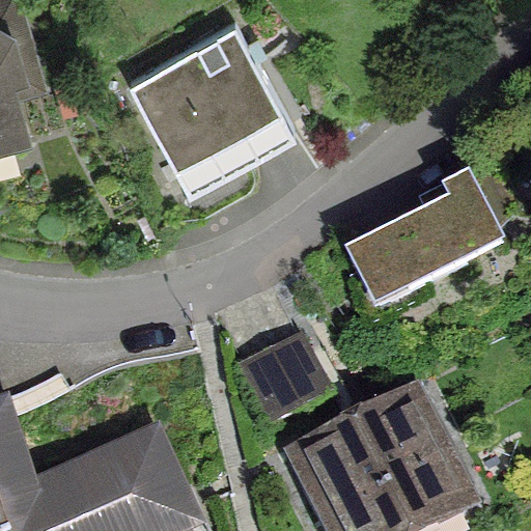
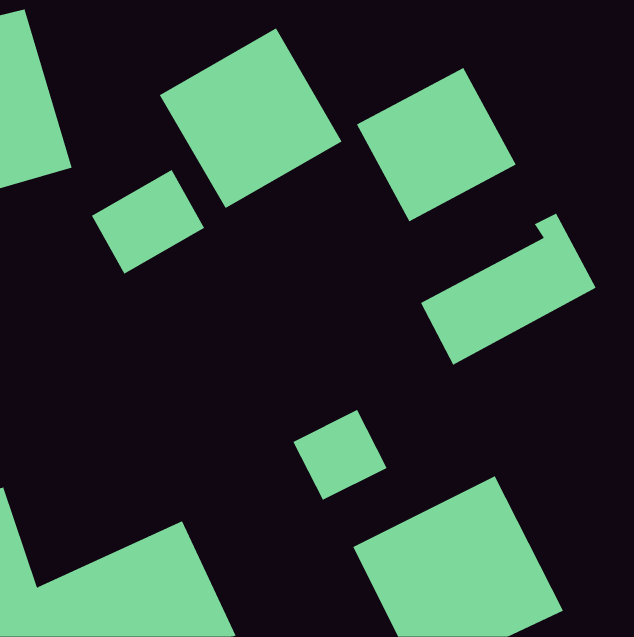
building: none -> [356,67,516,222]
building: none -> [91,169,205,274]

